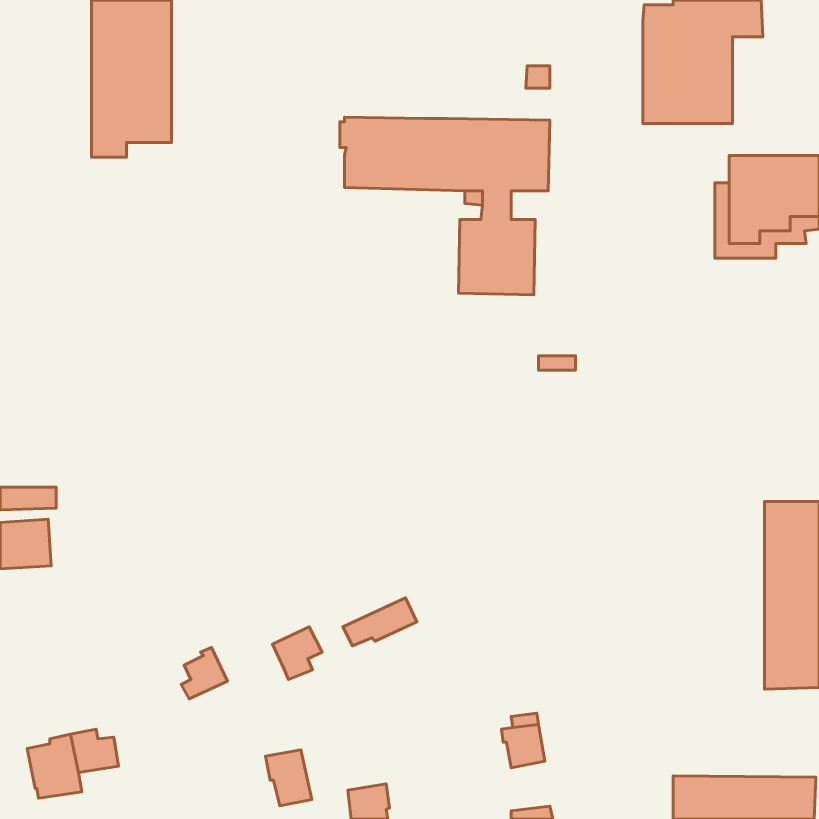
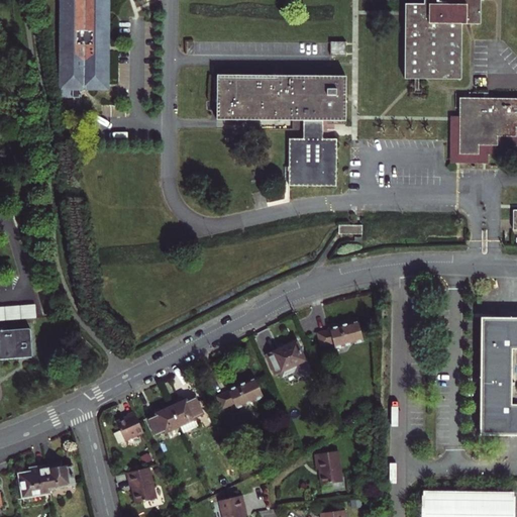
building: none -> [317,320,363,344]
building: none -> [266,339,310,376]
building: none -> [147,406,179,432]
building: [265,750,312,806] -> [126,466,156,501]

